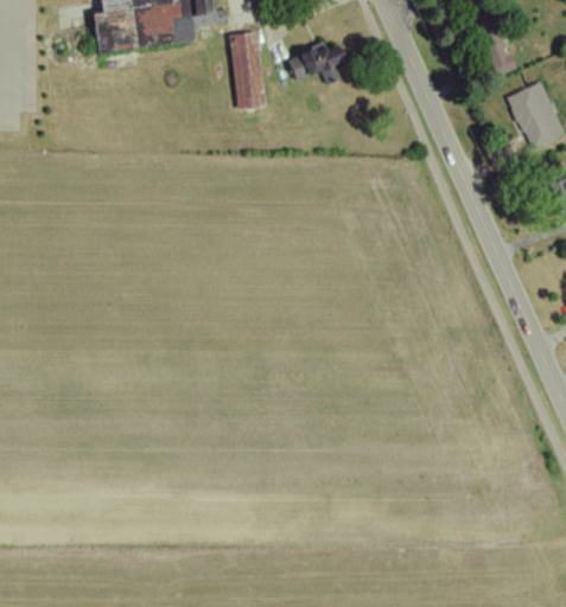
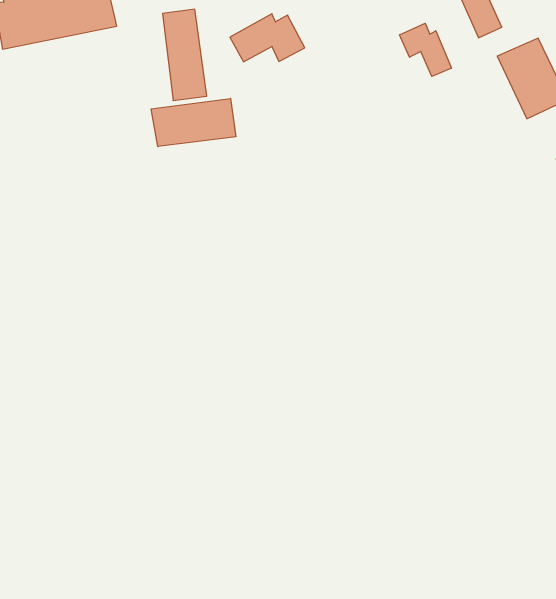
building: none -> [400,23,451,76]
building: none -> [151,98,236,147]

